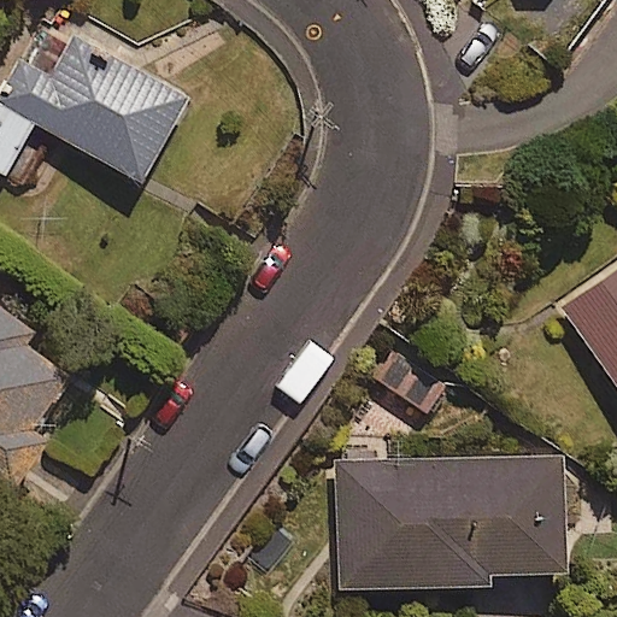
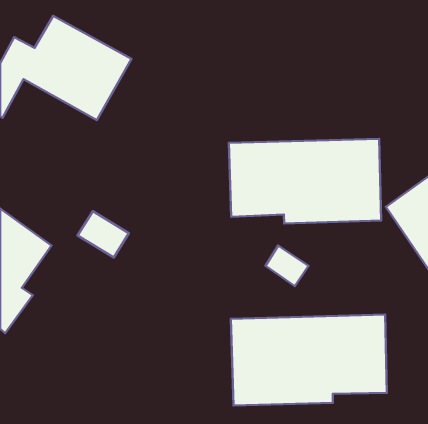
building: none -> [229,139,381,223]

